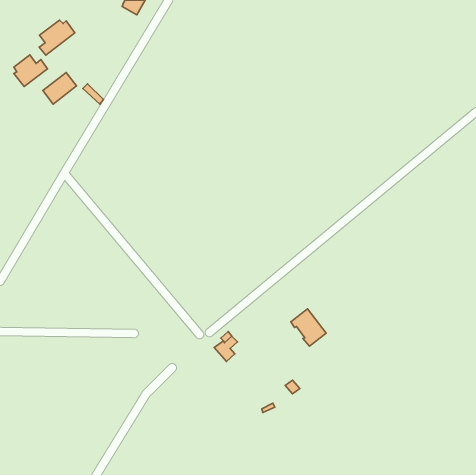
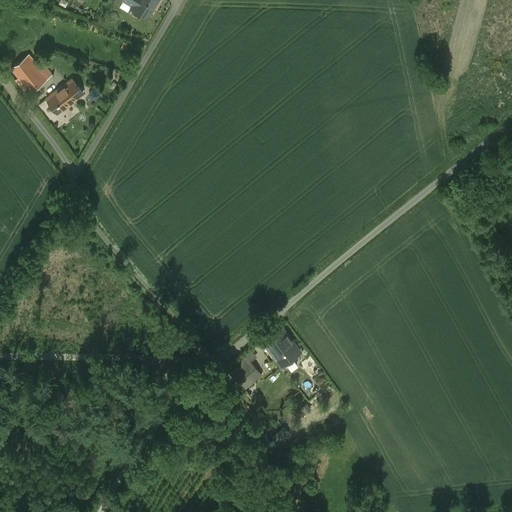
building: [39,20,75,55] -> none
building: [291,309,326,346] -> [261,326,299,366]

